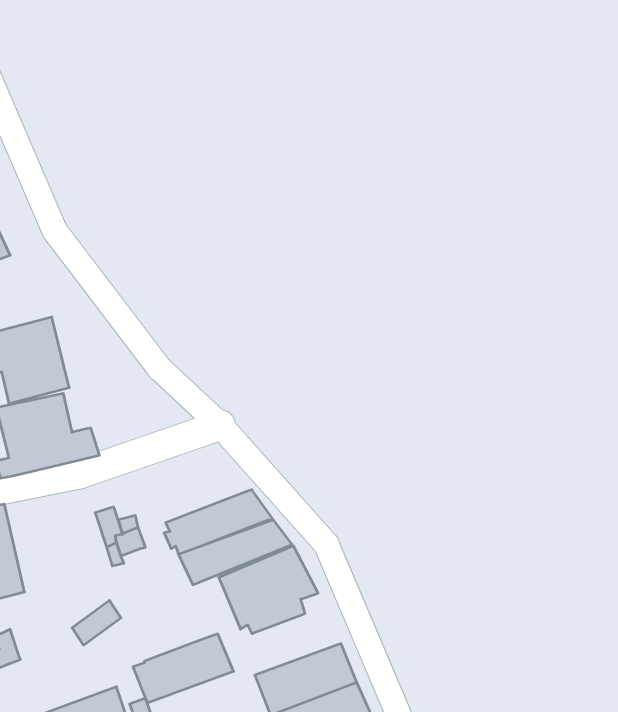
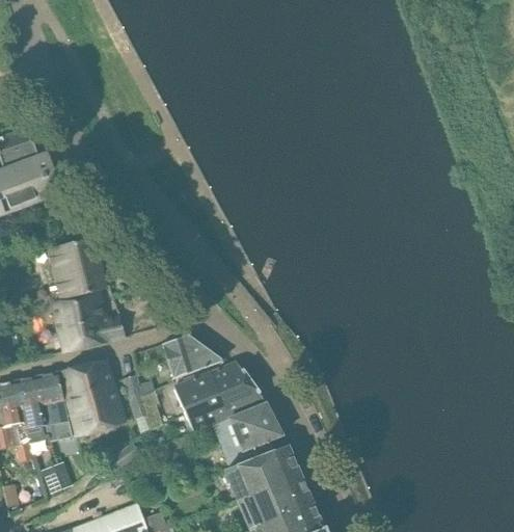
building: none -> [161,334,221,378]
building: none -> [59,360,125,436]
building: [133,634,234,703] -> [227,446,300,496]

